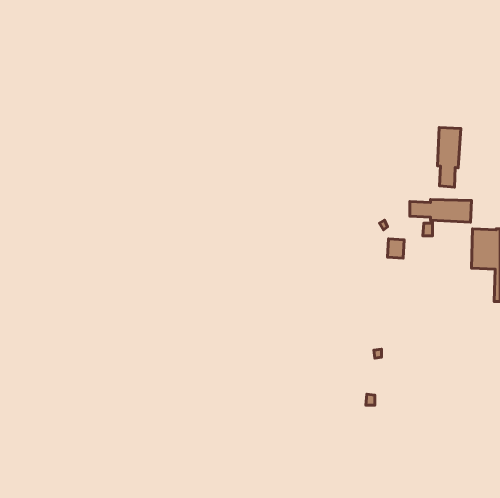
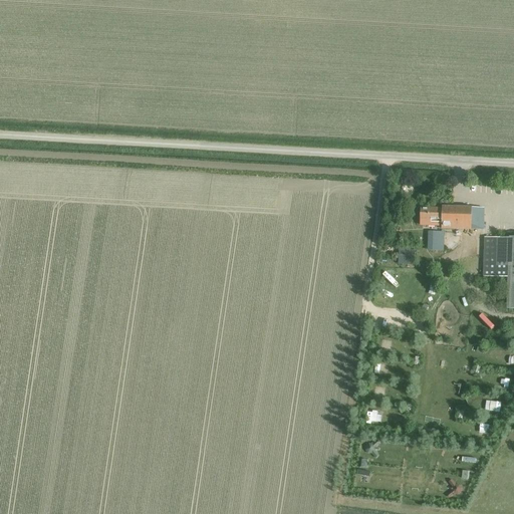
building: [438,127,461,187] -> none

